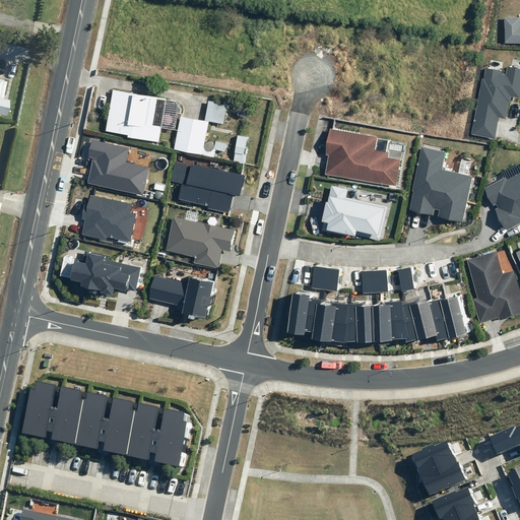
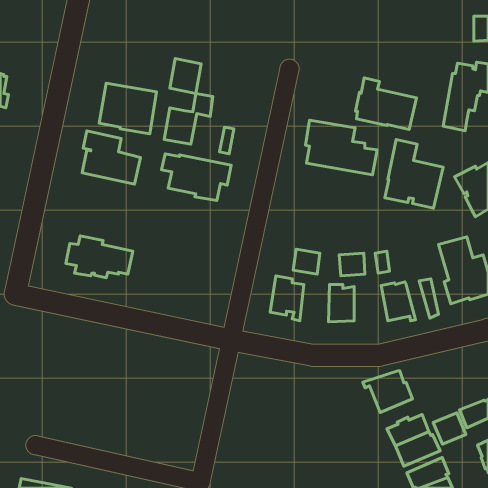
building: none -> [170,59,201,94]
building: [322,186,387,241] -> [356,78,417,129]
building: [82,194,137,242] -> none
building: [166,216,236,268] -> none
building: [150,274,216,319] -> none
building: [432,299,457,340] -> none
building: [377,301,412,341] -> none
building: [319,303,350,342] -> none
building: [20,382,195,467] -> none
building: none -> [363,371,412,412]
building: none -> [433,413,466,444]

